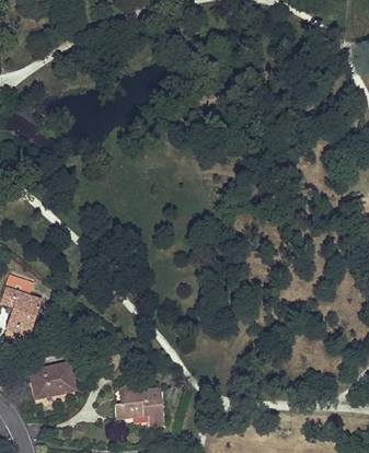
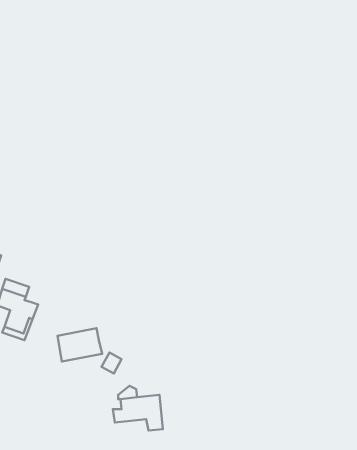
building: [31,363,74,396] -> [58,328,102,361]

